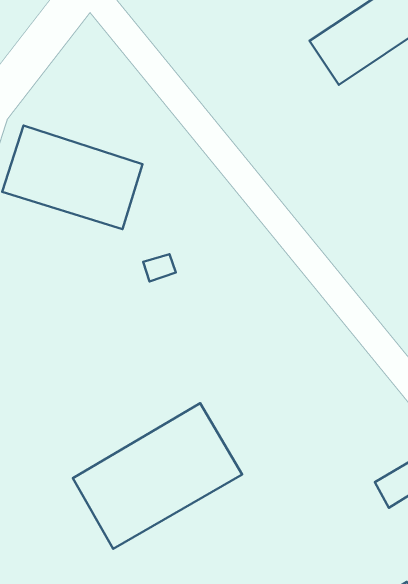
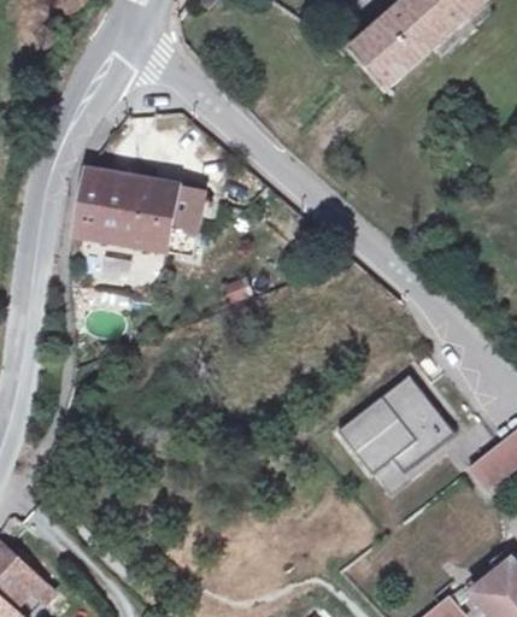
building: none -> [339,375,456,475]
building: [73,403,242,549] -> none

